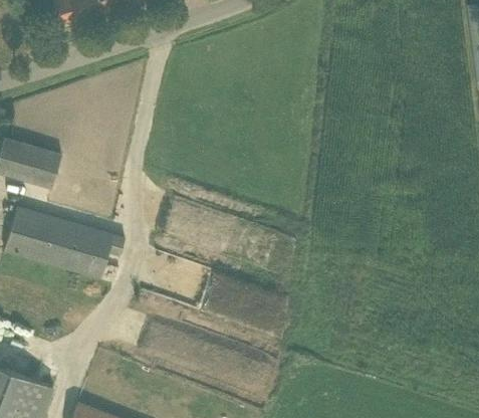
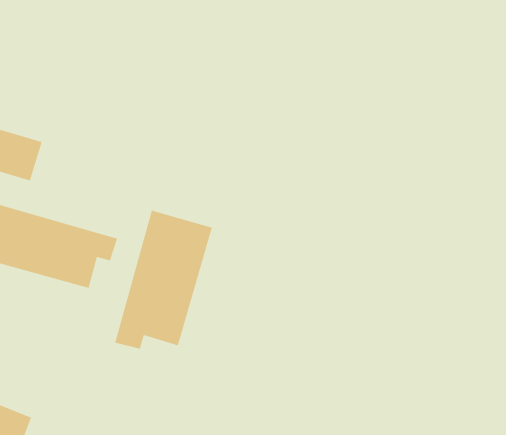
building: none -> [115,210,212,349]

